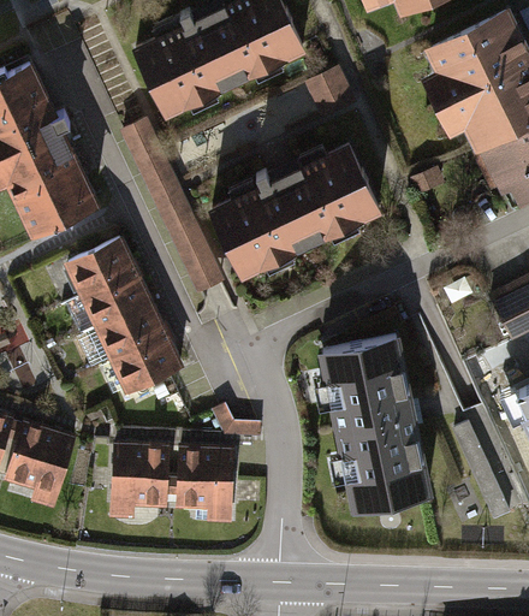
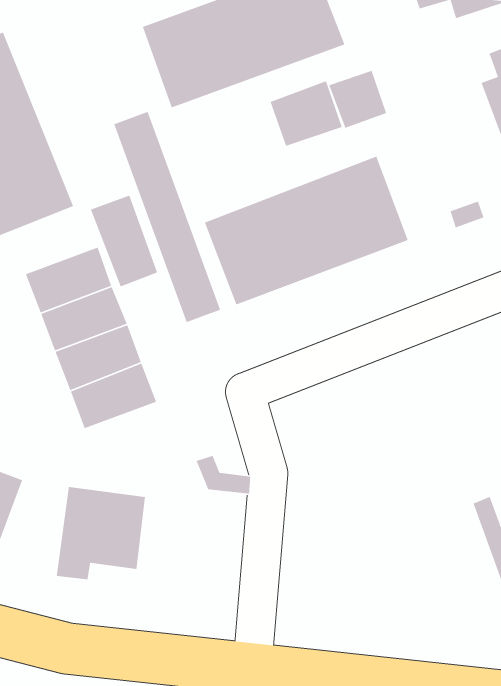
building: none -> [269,80,343,147]
building: none -> [90,195,158,287]
building: [320,342,423,515] -> none
building: [174,445,239,527] -> none

